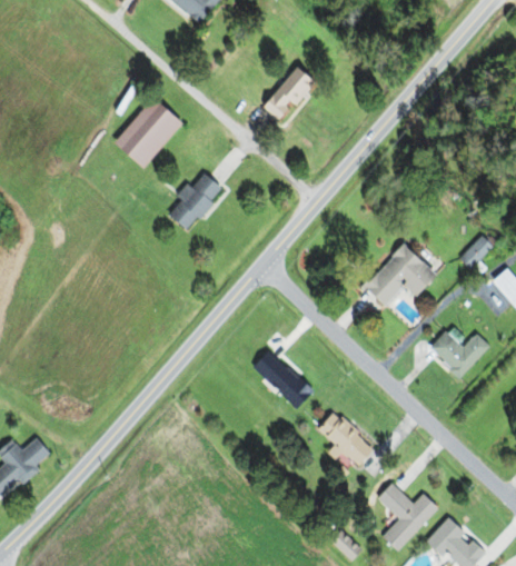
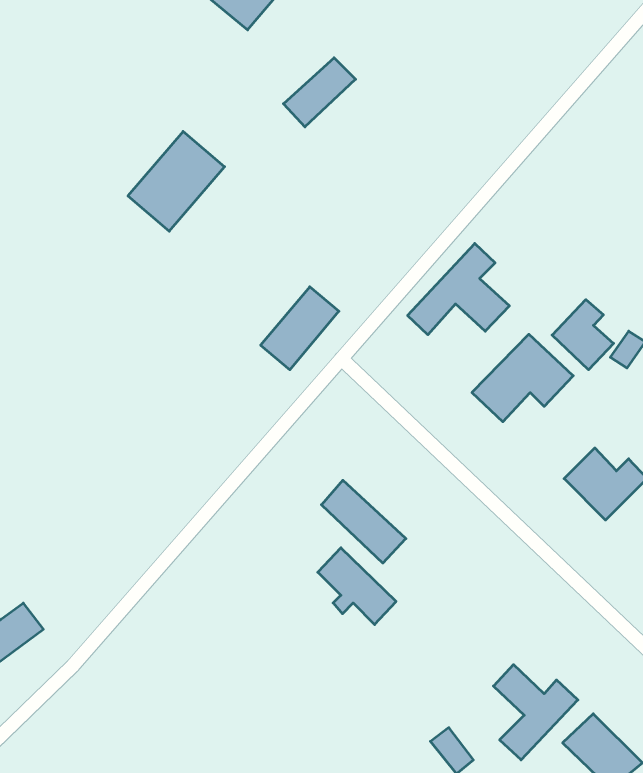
building: [262,69,315,119] -> [283,58,356,127]
building: [167,171,224,231] -> [261,287,339,370]
building: none -> [408,243,509,335]
building: none -> [552,300,614,370]
building: [317,411,374,467] -> [318,548,396,625]

